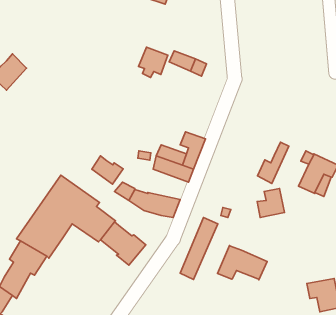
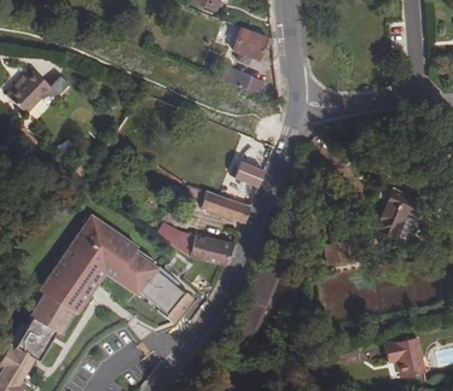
building: [139,47,168,78] -> [233,28,268,64]
building: [257,142,289,183] -> none
building: [92,156,123,184] -> none
building: [217,245,267,280] -> none

